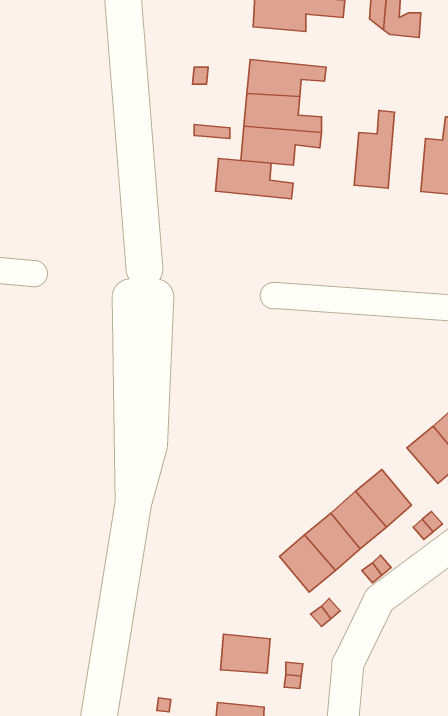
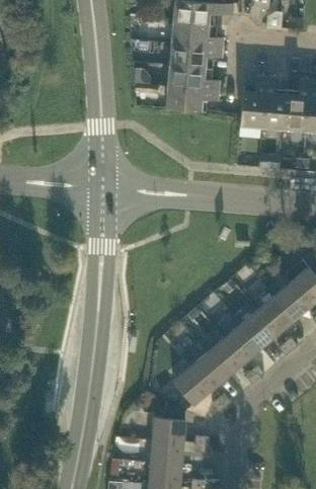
building: none -> [261,78,286,130]
building: [215,158,293,199] -> [171,22,222,49]
building: none -> [257,297,294,334]
building: none -> [172,368,210,406]
building: none -> [150,441,182,466]

